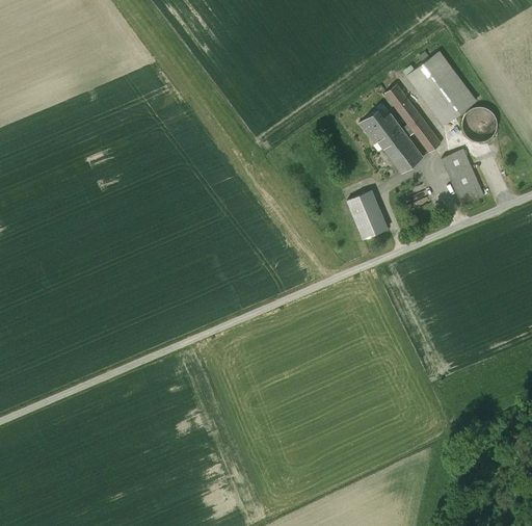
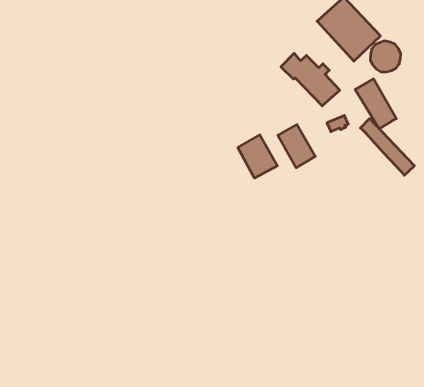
building: [385,84,442,153] -> [360,119,414,175]
building: none -> [238,135,277,178]

